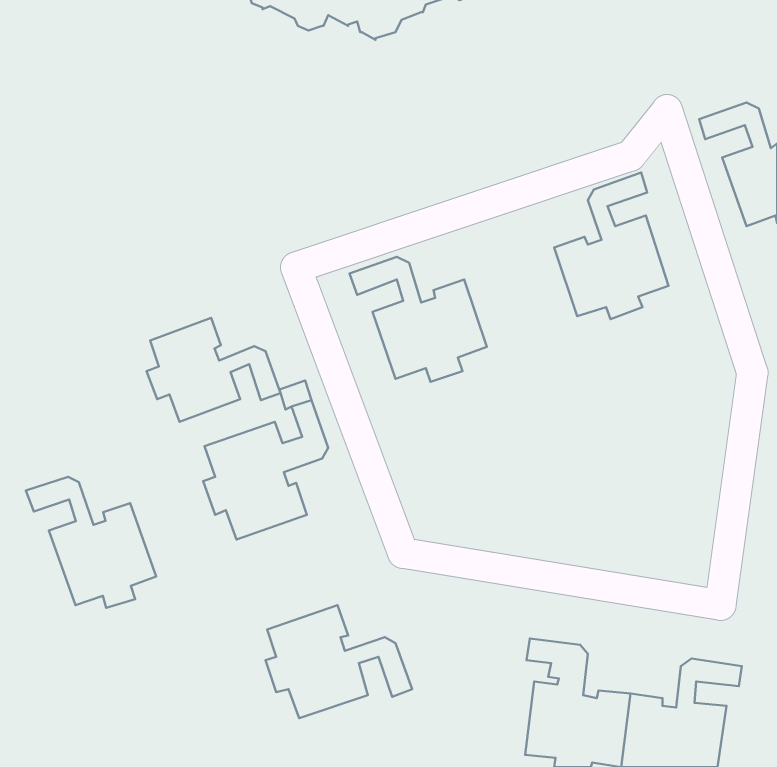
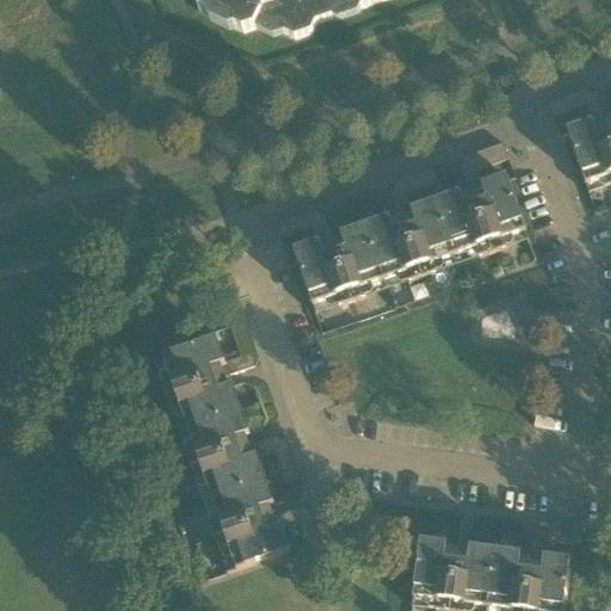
building: none -> [363,159,451,274]
building: [147,318,280,422] -> none
building: [26,477,156,608] -> none
building: none -> [184,402,298,492]

